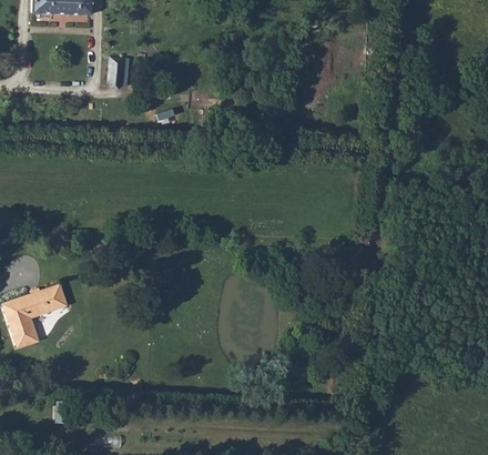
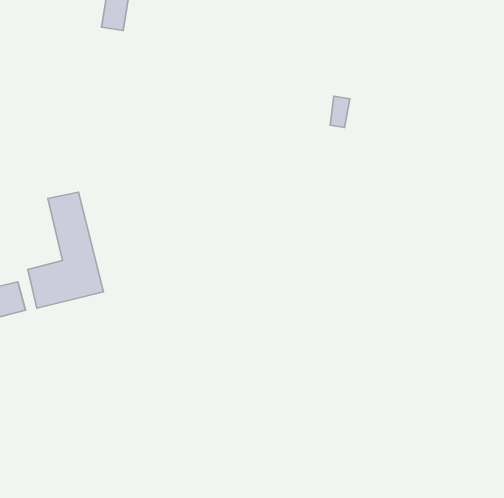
building: none -> [28,192,103,308]

